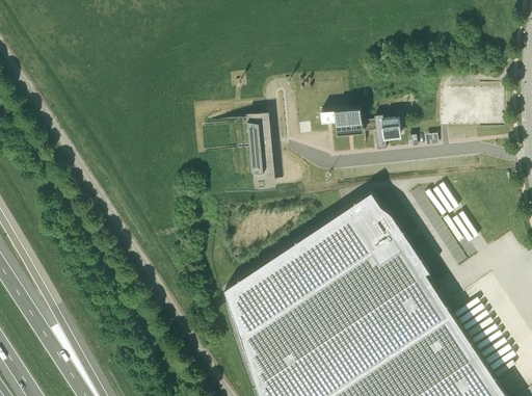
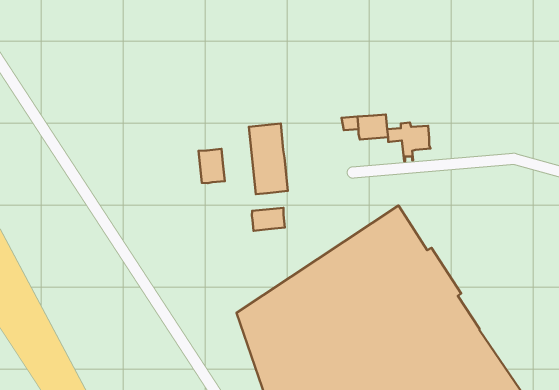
building: none -> [199,149,225,183]
building: none -> [252,208,285,231]

